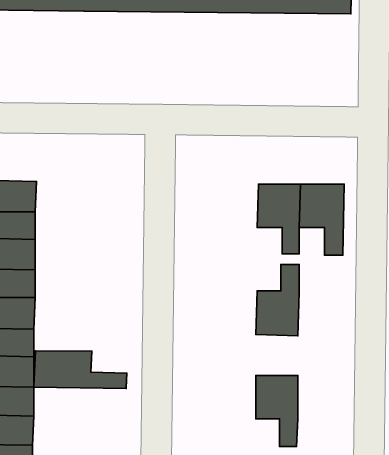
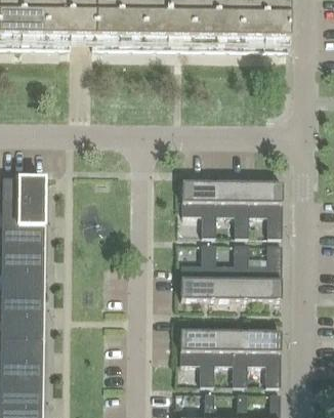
building: none -> [181,180,216,236]
building: none -> [180,243,215,298]
building: none -> [247,244,282,299]
building: [34,351,127,389] -> none
building: none -> [179,329,214,384]
building: none -> [247,330,281,385]

